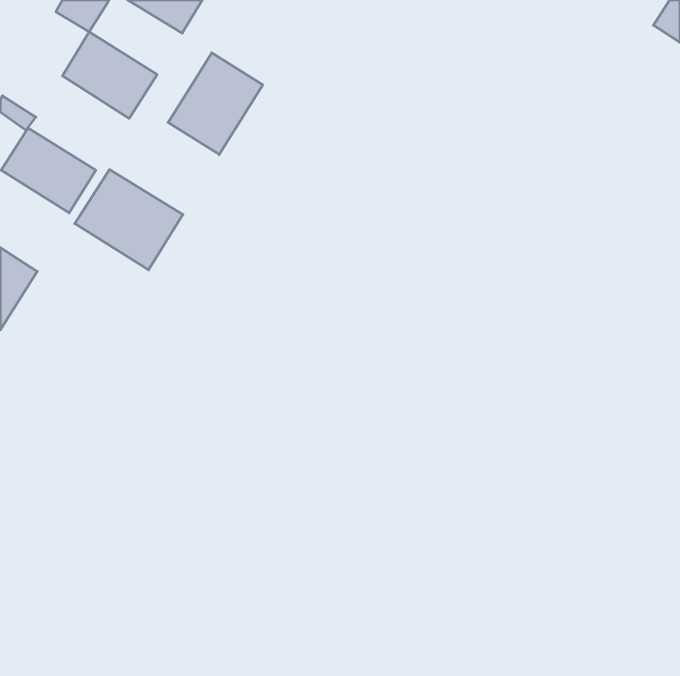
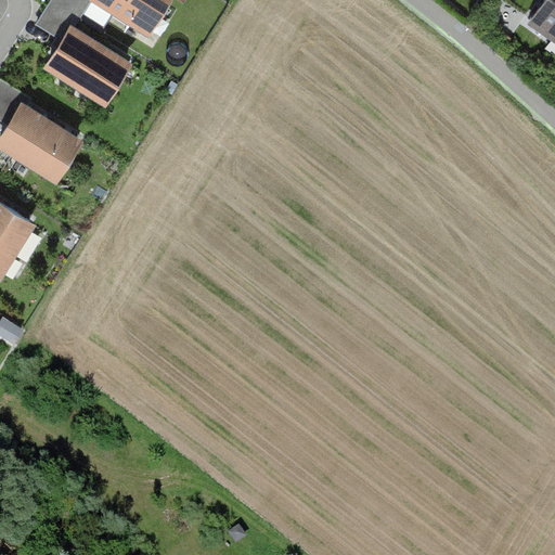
building: [168,53,263,155] -> none
building: [75,170,183,270] -> none

